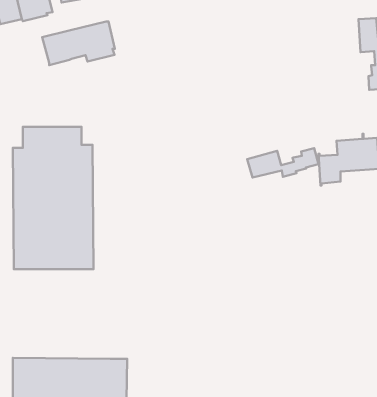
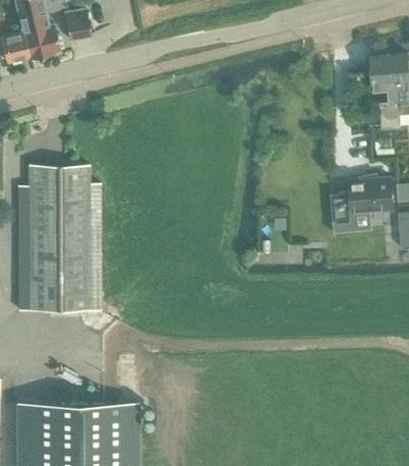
building: [42,22,115,65] -> none
building: [247,148,319,177] -> none

